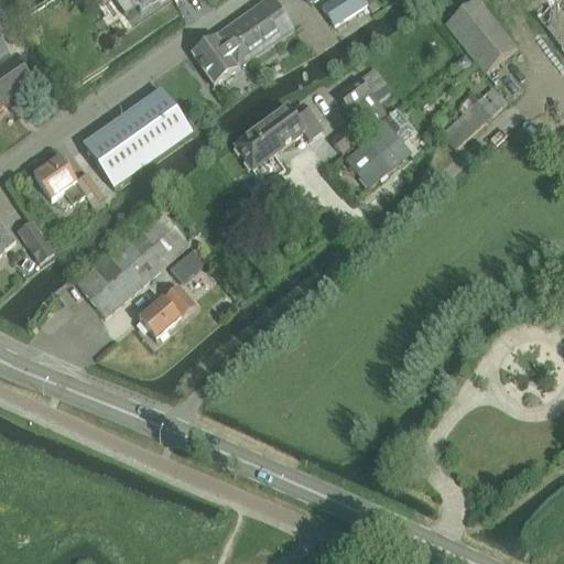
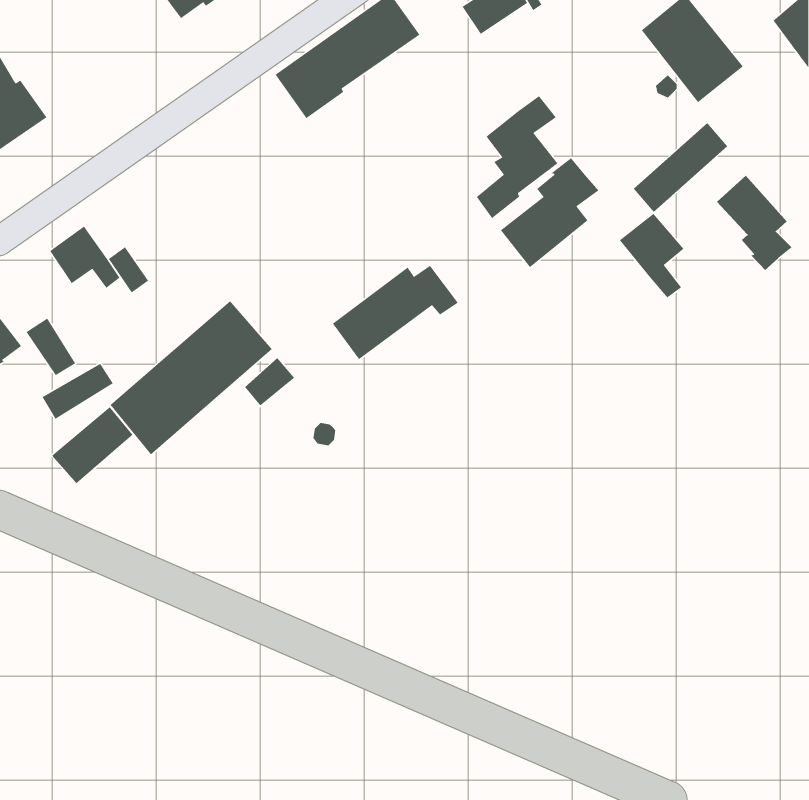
building: [83,89,192,187] -> none
building: [234,102,322,169] -> [332,265,459,360]
building: none -> [716,175,793,271]
building: none -> [619,213,684,299]
building: none -> [41,363,114,420]
building: [138,284,195,338] -> [51,406,134,484]

